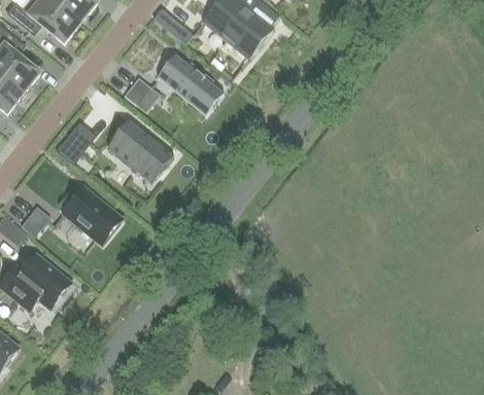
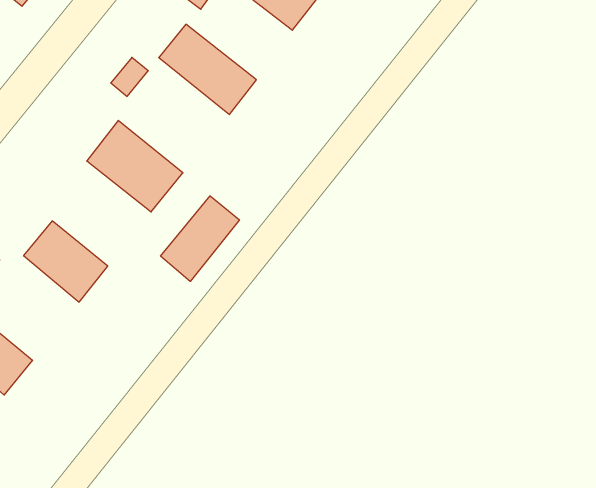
building: [56,124,95,166] -> none
building: none -> [161,196,239,281]

